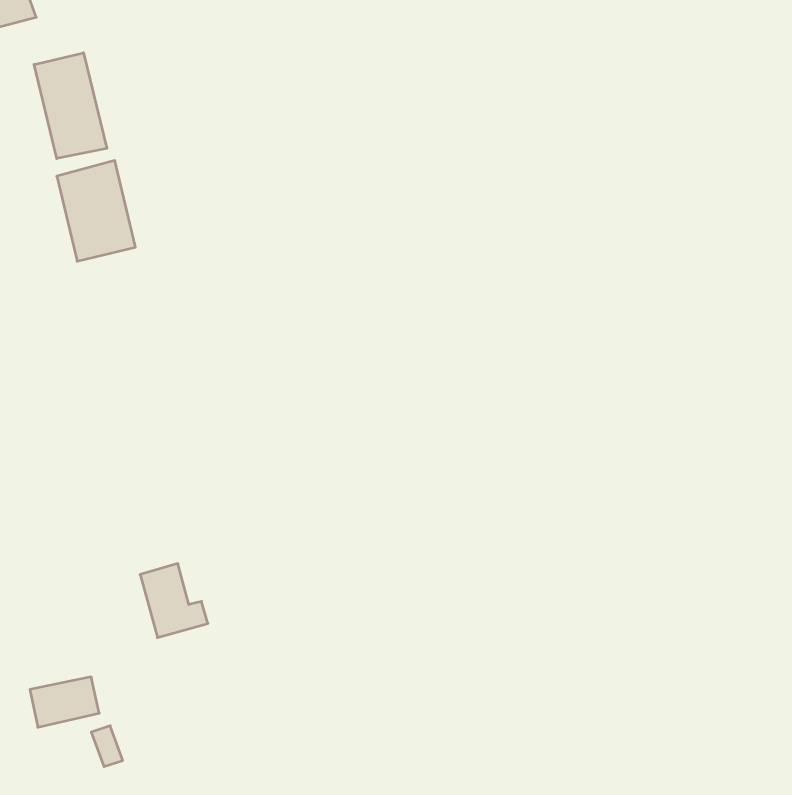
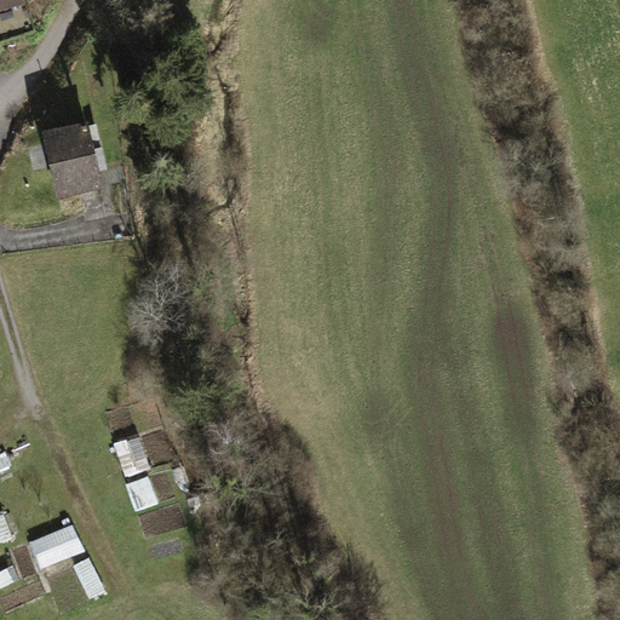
building: [34,53,107,159] -> none

